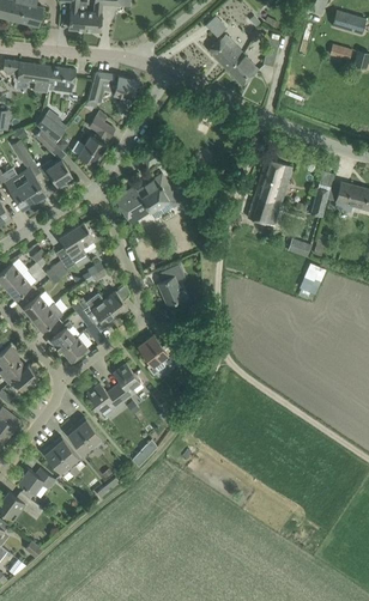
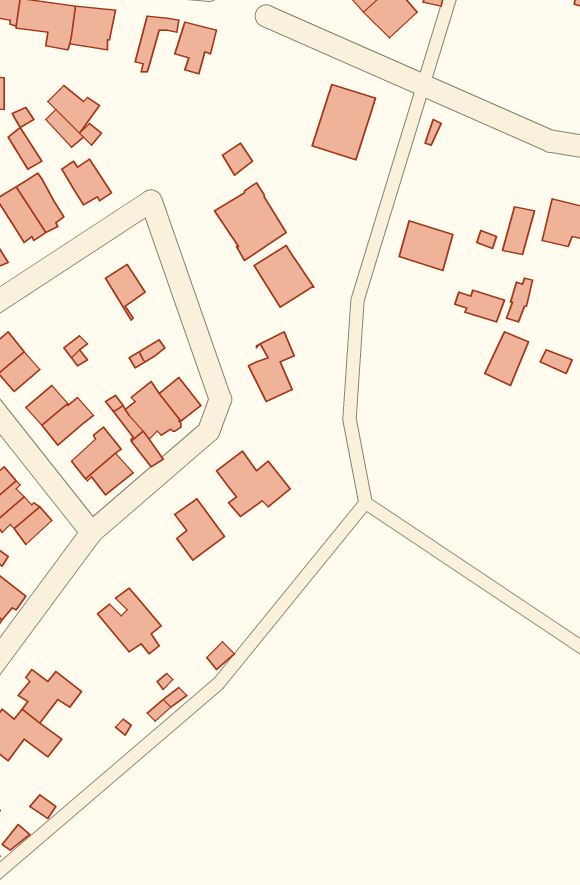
building: [77,117,114,165] -> none
building: [253,159,291,205] -> [312,84,376,160]
building: [114,187,150,224] -> [254,246,314,307]
building: [56,231,85,269] -> none
building: [85,383,122,412] -> none
building: [42,437,79,476] -> none

